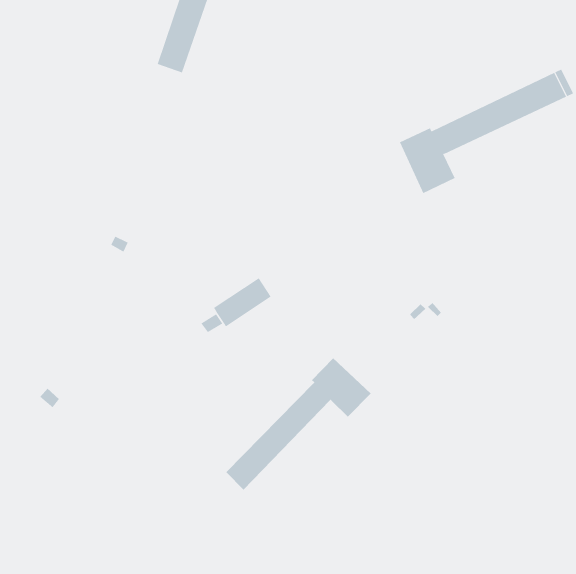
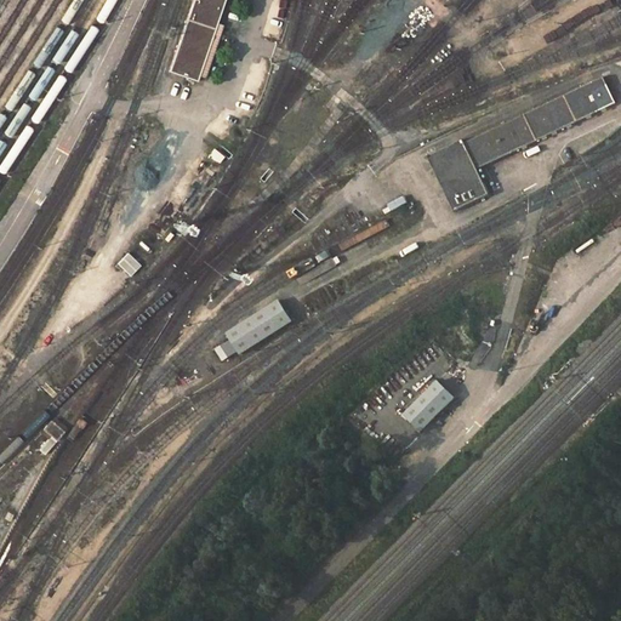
building: none -> [406,380,454,428]
building: [226,357,371,490] -> none

